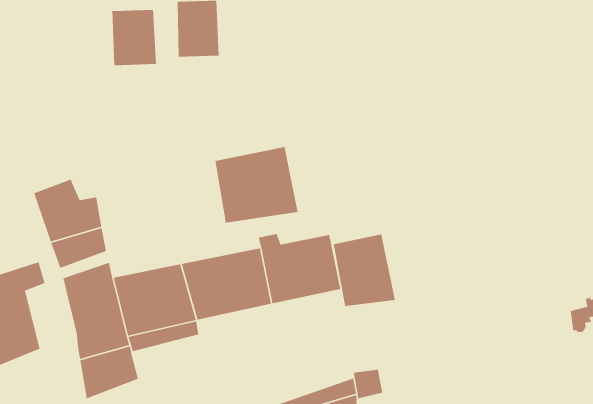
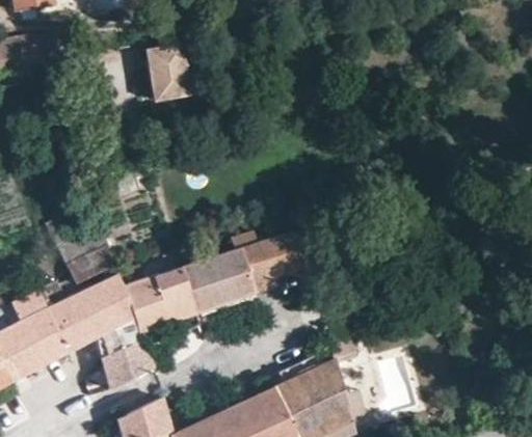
building: [112,9,157,66] -> none
building: [215,146,298,223] -> none
building: [333,233,396,307] -> none
building: none -> [51,291,97,352]

